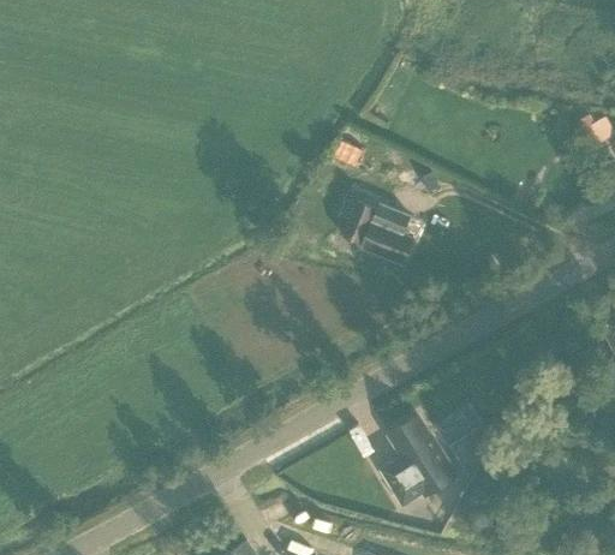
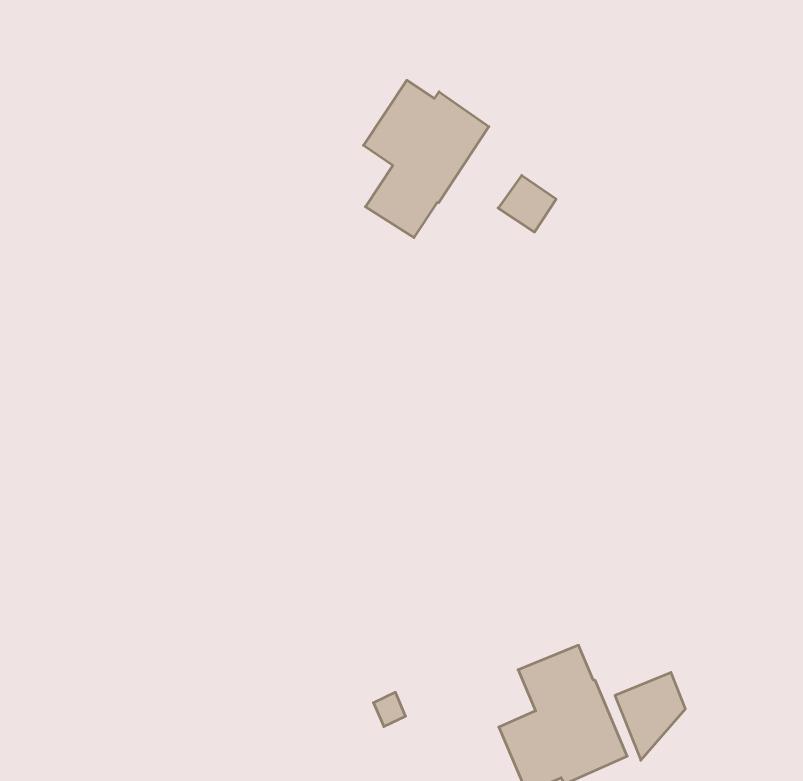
building: none -> [363,80,489,238]
building: [341,199,412,263] -> none

